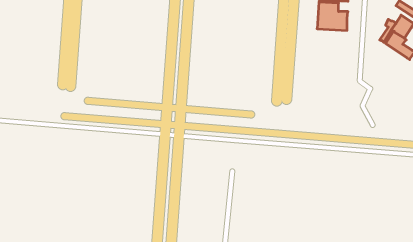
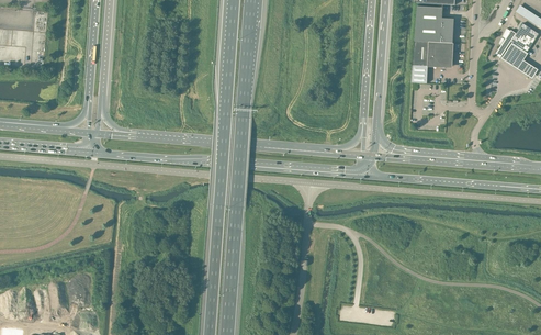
building: none -> [412,40,453,82]

